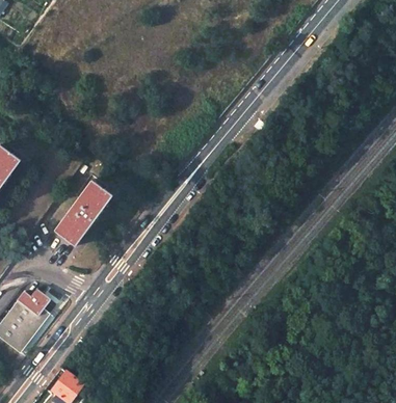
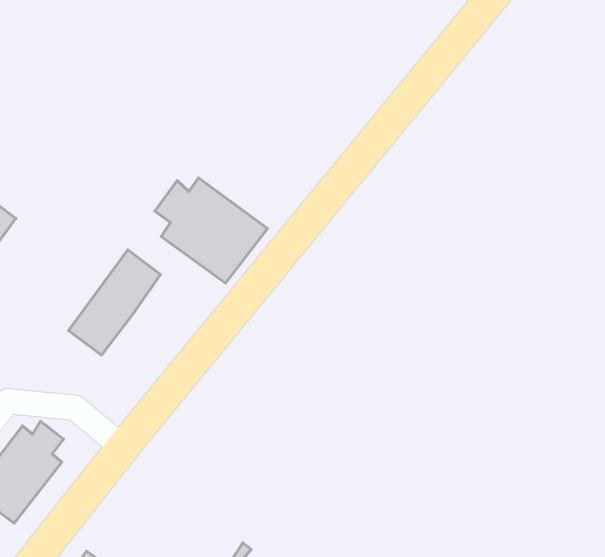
building: none -> [155,178,267,283]

